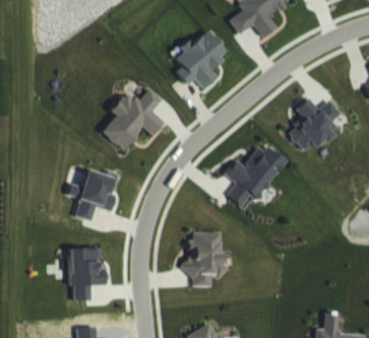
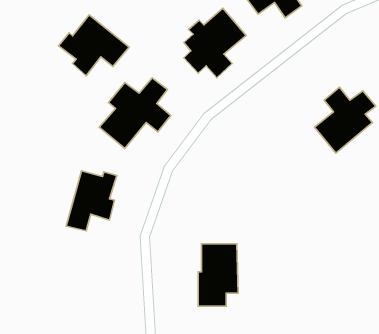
building: none -> [59,15,129,76]
building: [224,145,287,205] -> none
building: [68,247,106,300] -> none

